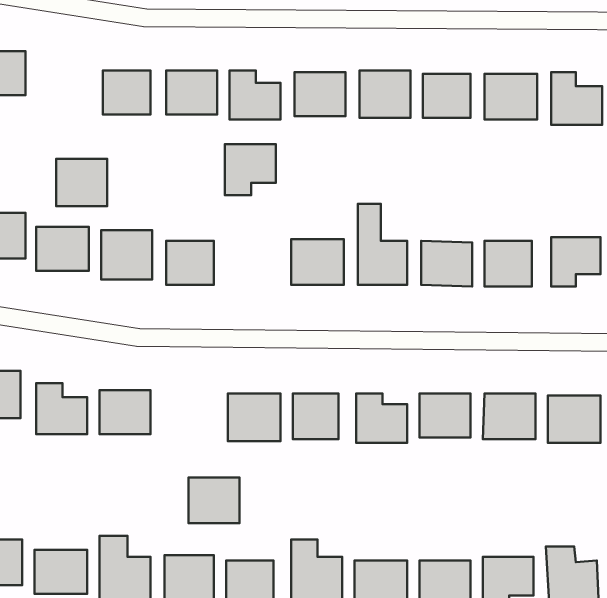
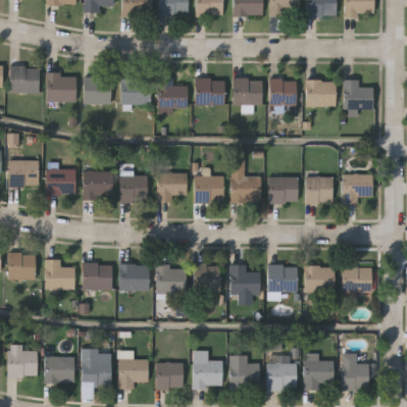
building: [225,144,276,195] -> [157,172,187,202]
building: [56,159,107,206] -> [46,73,75,101]
building: [189,477,240,523] -> [119,264,149,291]

